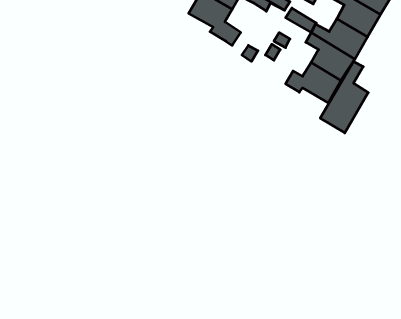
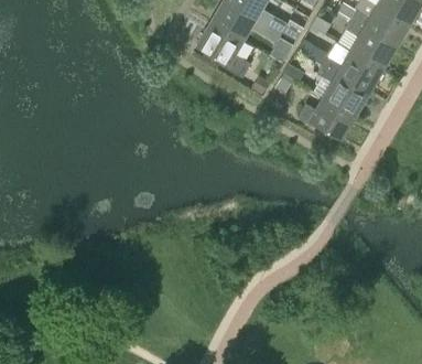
building: [320,61,368,133] -> none

